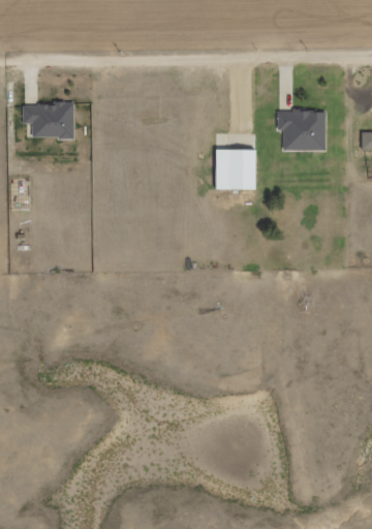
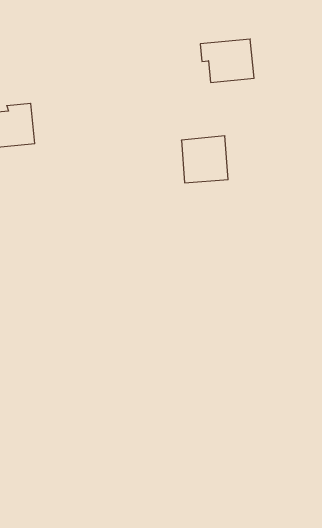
building: [278,112,326,149] -> [200,39,254,82]

